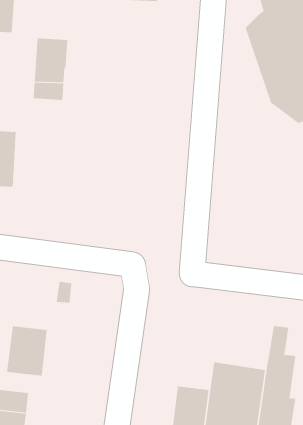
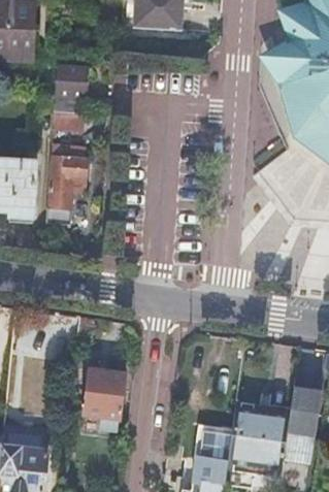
building: none -> [46,158,87,224]
building: [6,326,48,376] -> [83,367,125,419]

